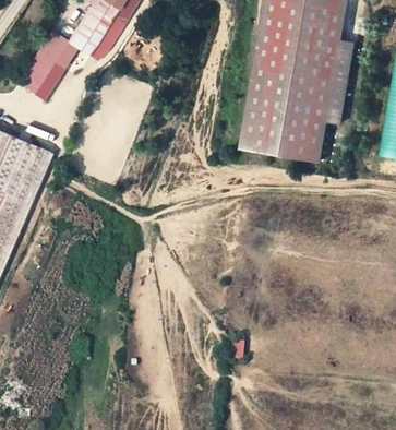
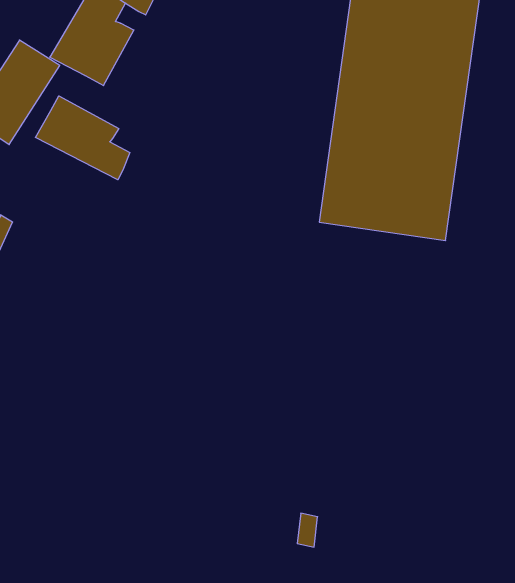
building: none -> [35,96,130,180]

